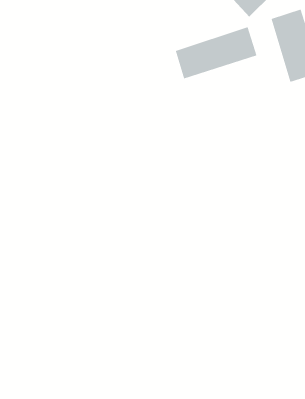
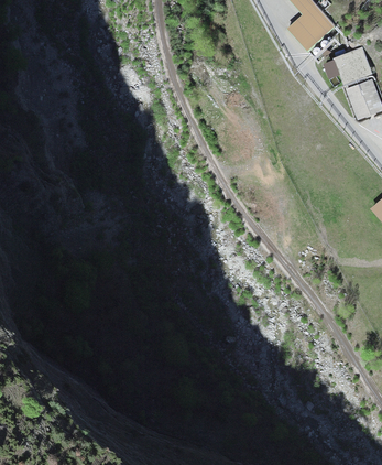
building: [175,26,258,79] -> none

